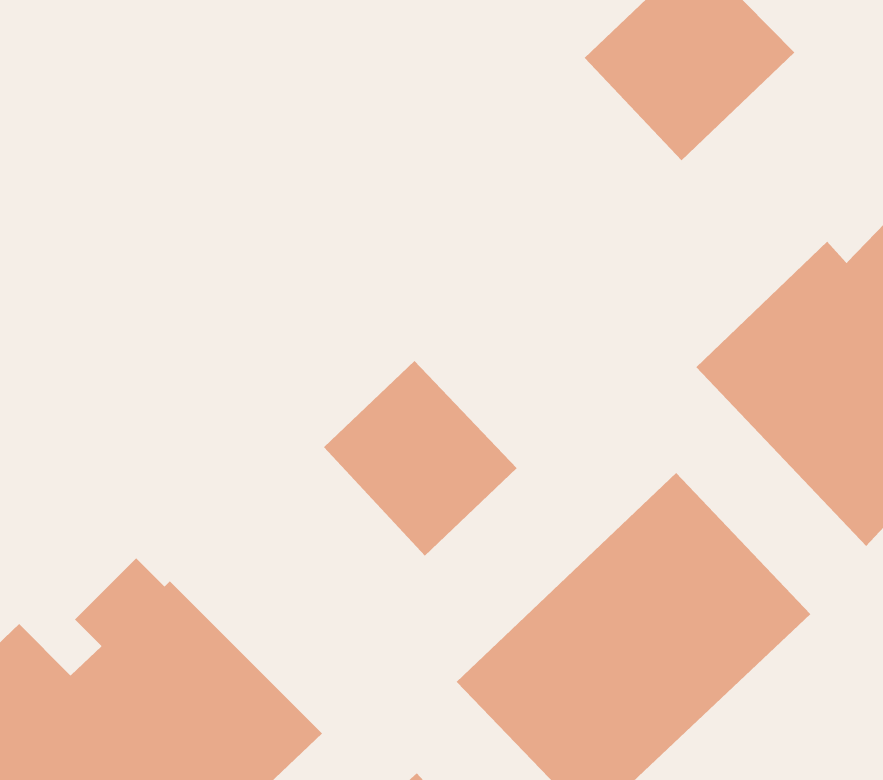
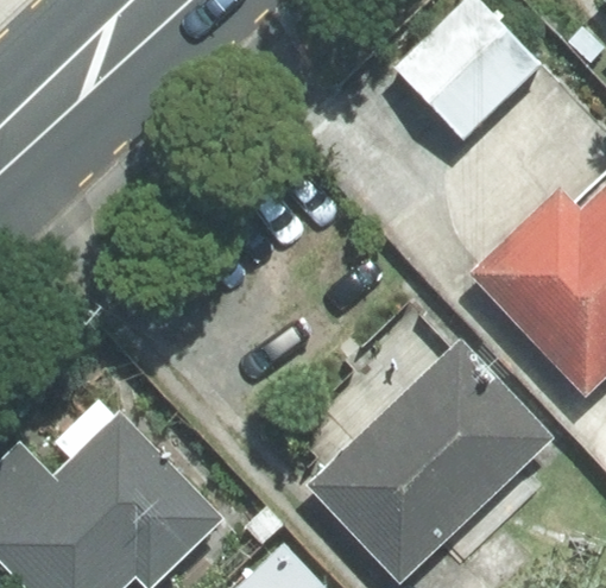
building: [323,360,518,557] -> none

